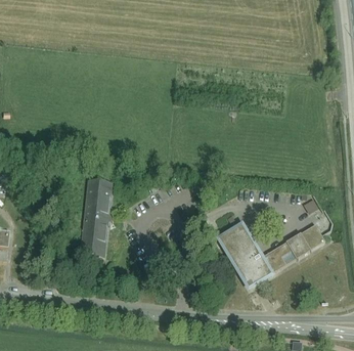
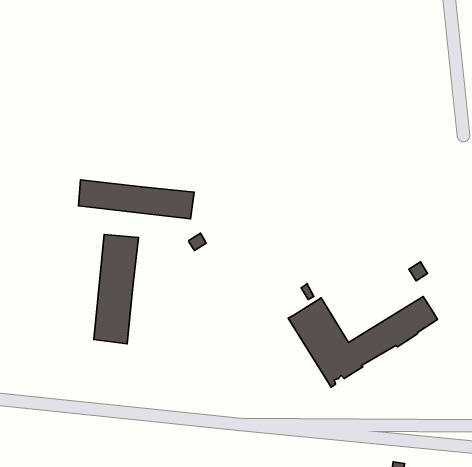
building: none -> [78,180,194,219]

